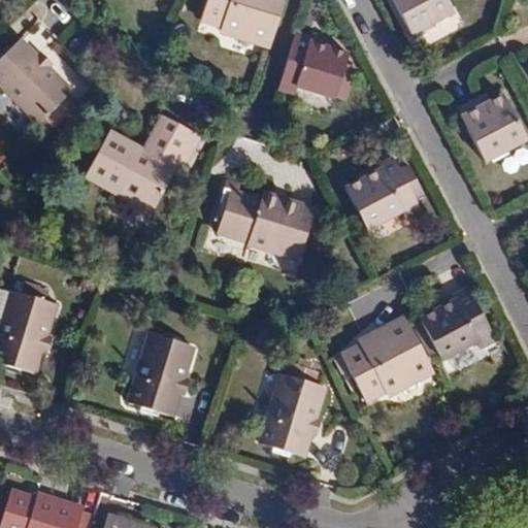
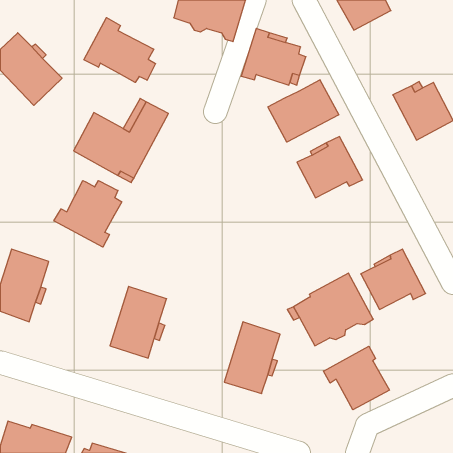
building: none -> [84,18,156,82]
building: none -> [268,80,339,142]
building: [217,178,316,261] -> none
building: none -> [54,181,122,247]
building: none -> [323,346,389,410]

